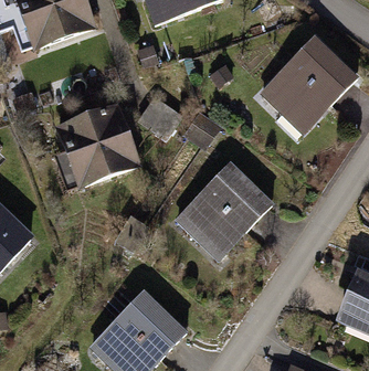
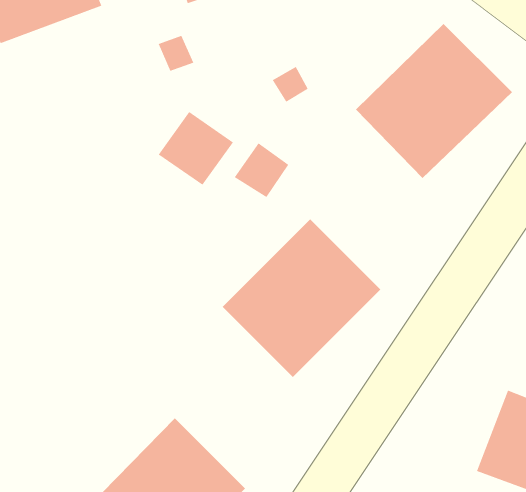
building: [56,103,141,189] -> none

